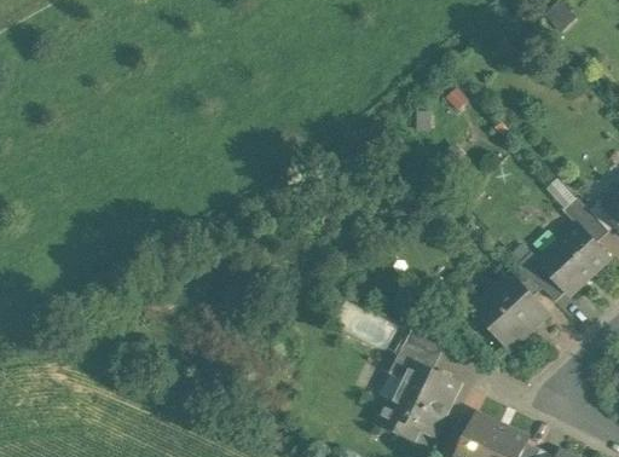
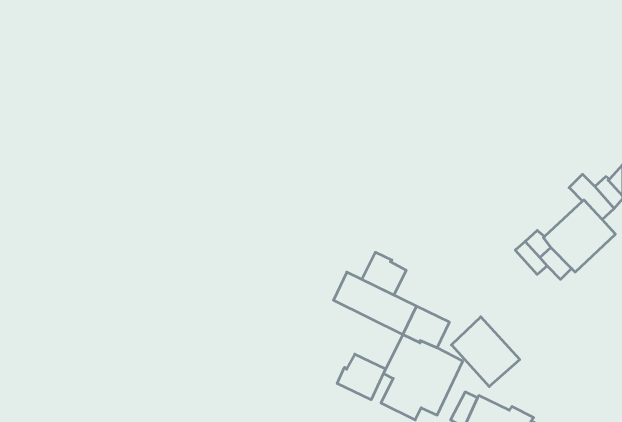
building: none -> [362,252,406,295]
building: [476,278,544,347] -> [451,317,520,387]
building: none -> [337,354,386,400]

